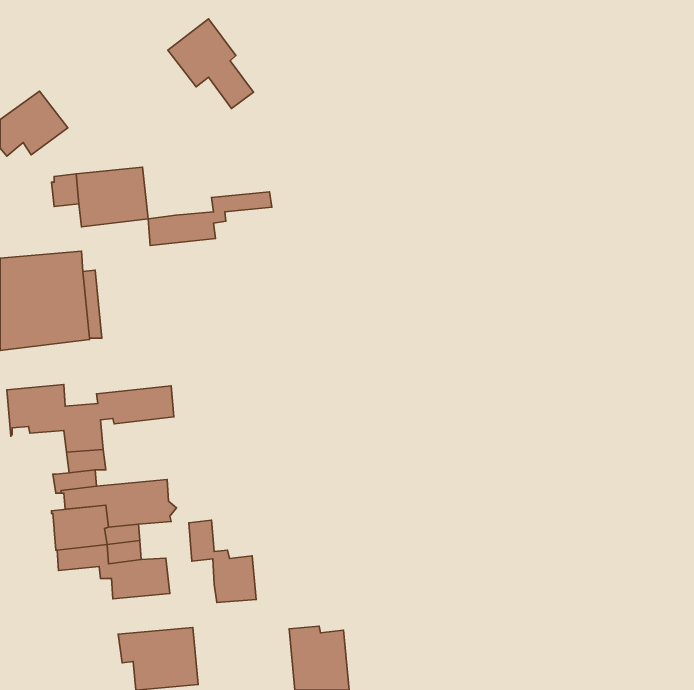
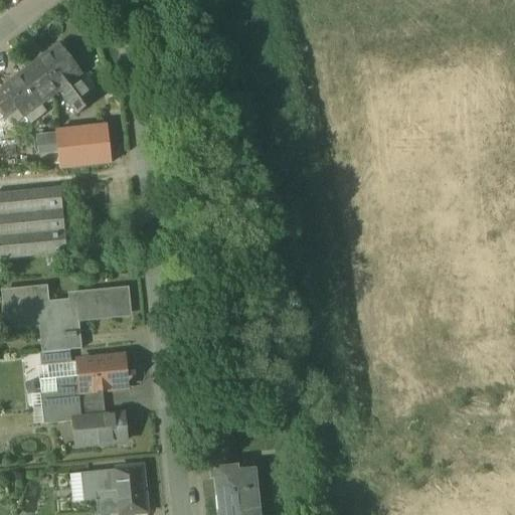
building: [168,19,253,109] -> [29,44,93,111]
building: [148,192,272,246] -> none
building: [189,520,256,603] -> none

